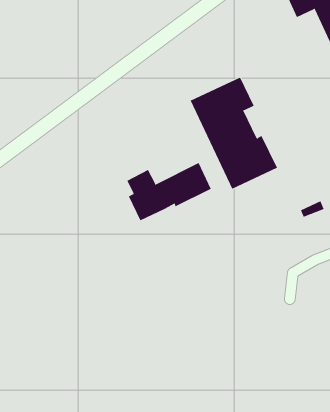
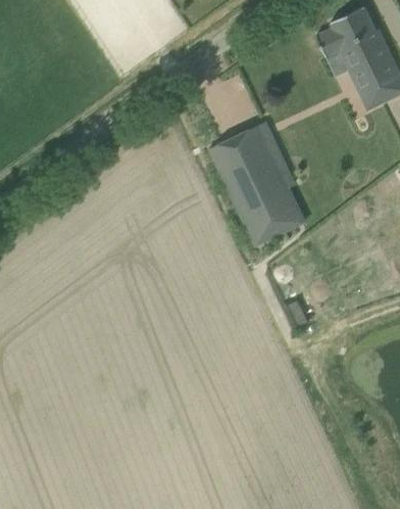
building: [126,162,211,221] -> none

